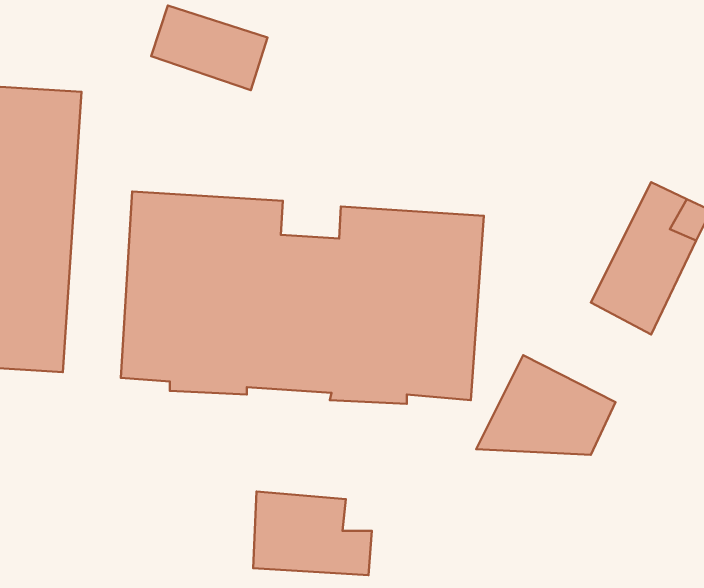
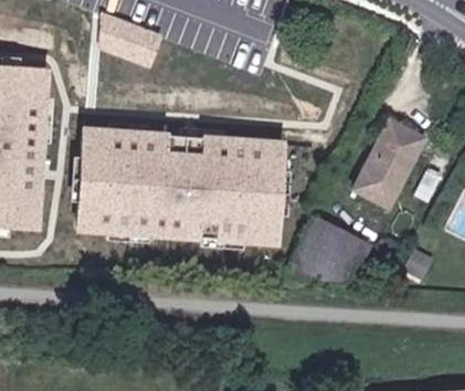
building: [253,492,372,575] -> none

